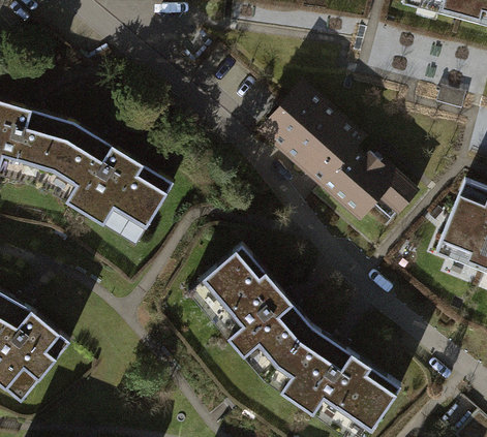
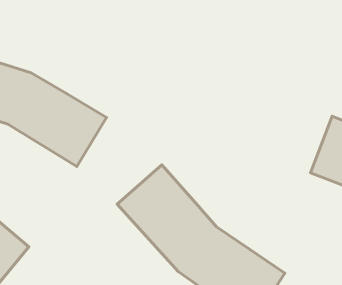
building: [254,76,422,223] -> none

